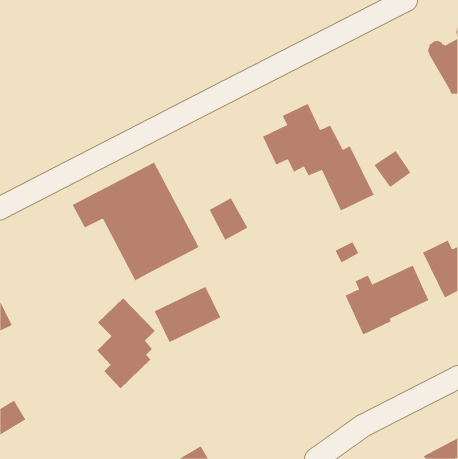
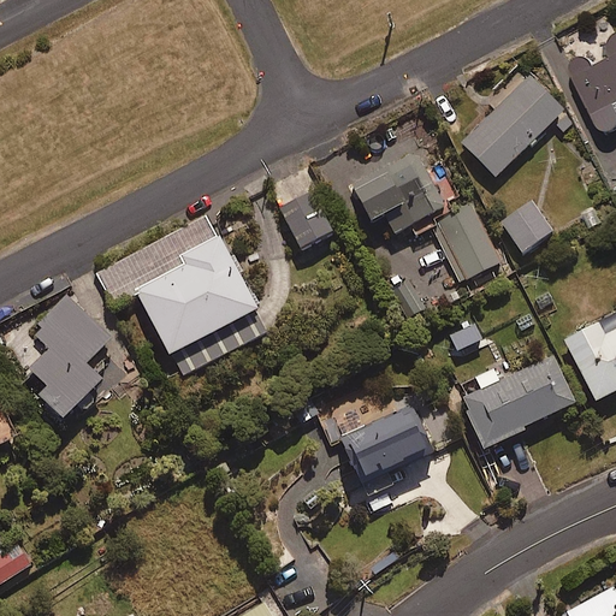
building: none -> [461,76,564,176]
building: [209,197,248,240] -> [280,191,333,249]
building: [154,286,221,343] -> [339,405,430,481]
building: [96,297,156,389] -> [29,296,108,419]

